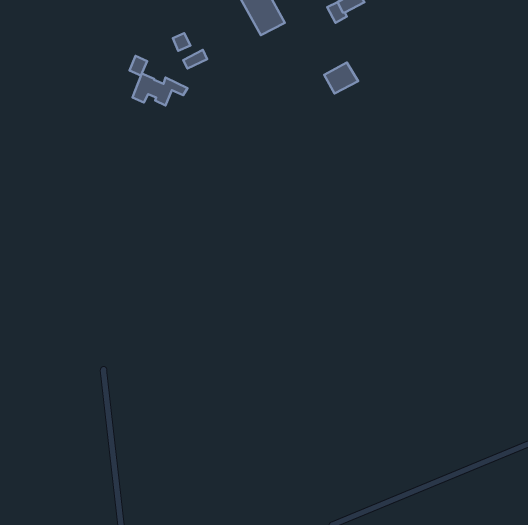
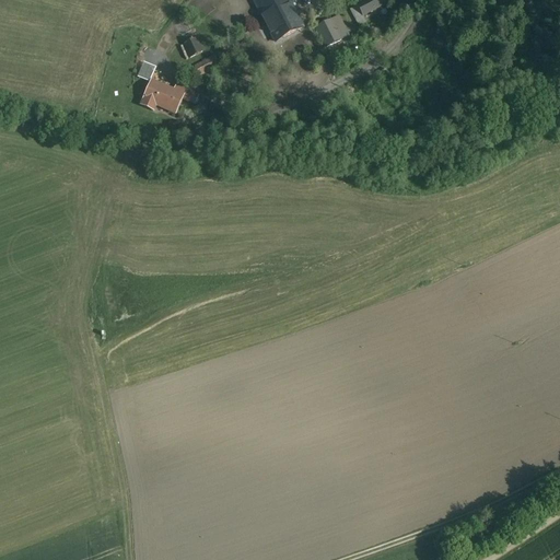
building: [324,63,358,94] -> [314,12,350,45]

